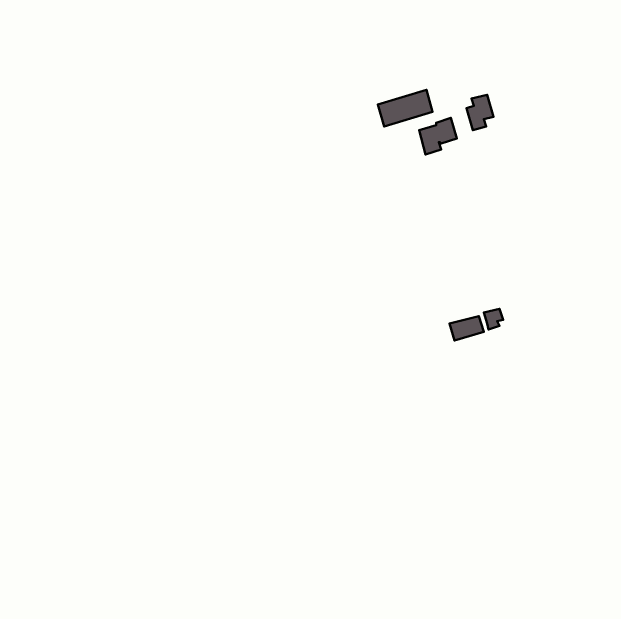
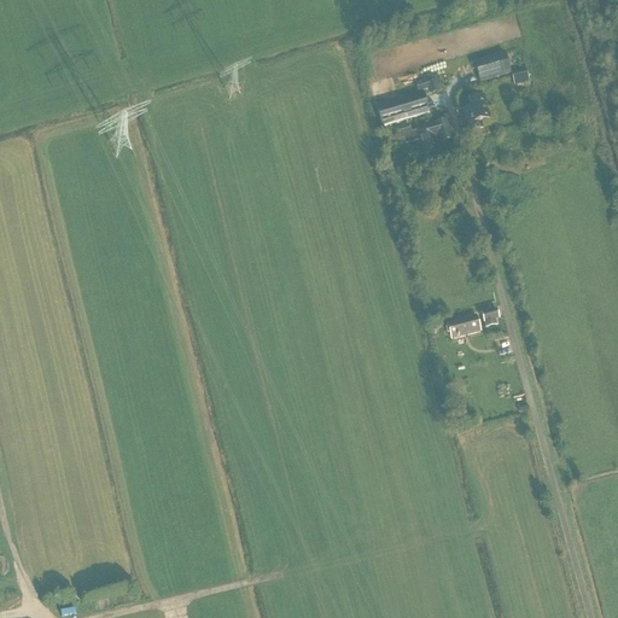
building: none -> [474,49,511,80]

